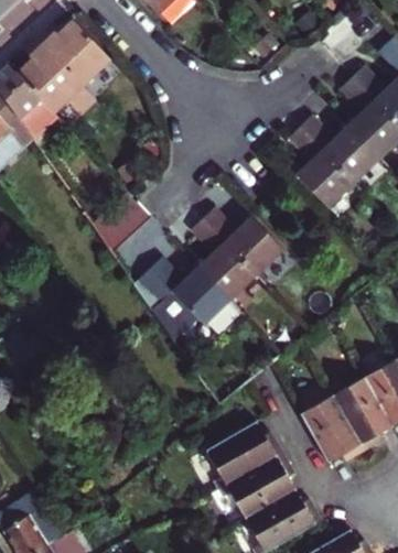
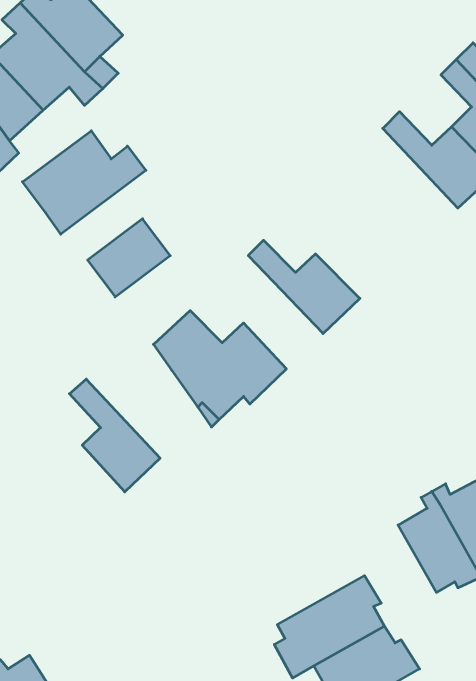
building: [287,127,353,208] -> none
building: none -> [22,131,146,234]
building: [190,218,256,300] -> none
building: none -> [69,379,160,492]
building: [212,418,286,484] -> none

